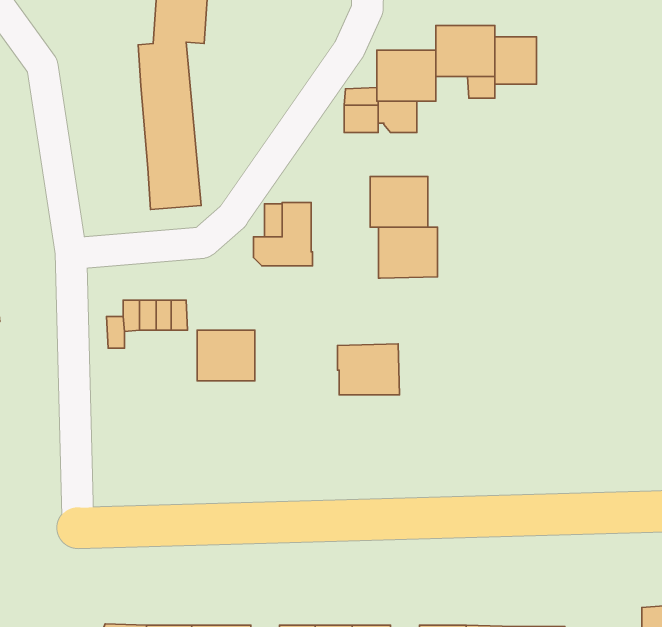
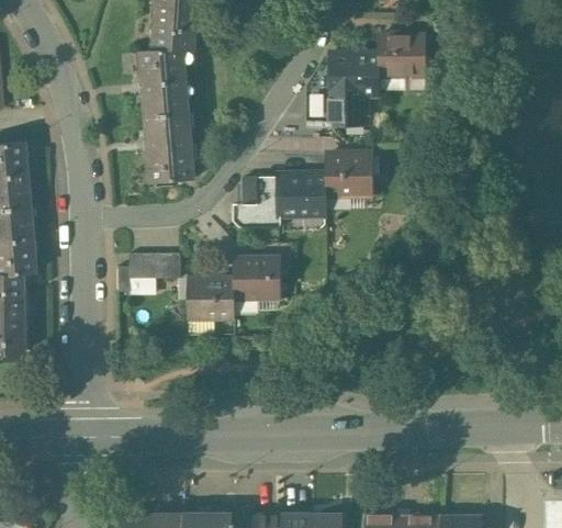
building: [495,37,537,84] -> none
building: [379,227,438,278] -> [279,176,326,216]
building: [338,344,399,395] -> [233,258,282,299]

